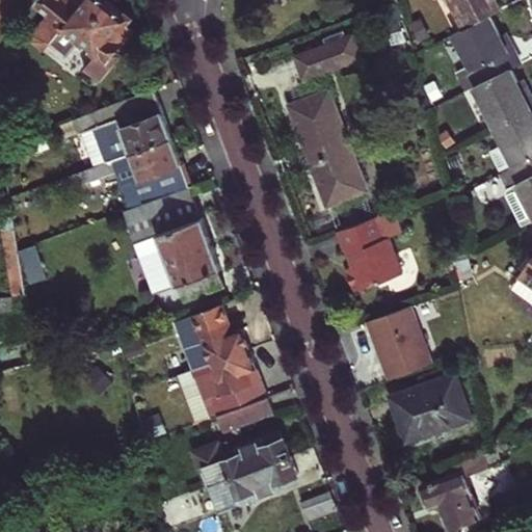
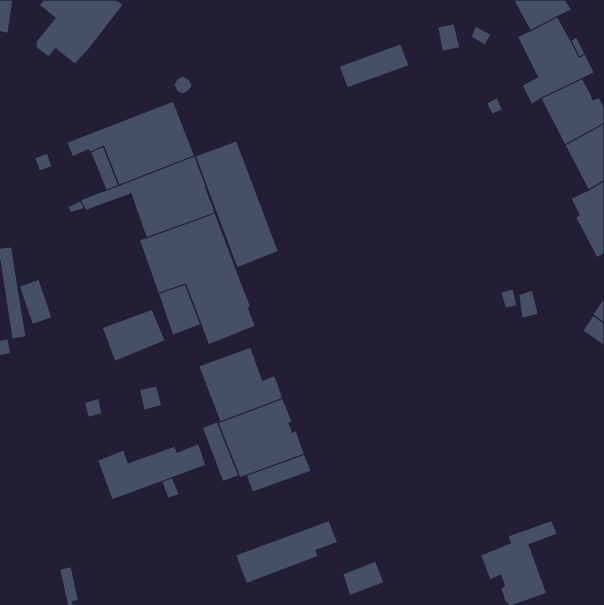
building: [79,6,129,81] -> none
building: [291,95,364,206] -> [195,141,278,268]
building: [338,211,405,292] -> none
building: none -> [102,309,165,361]
building: [367,307,431,379] -> none
building: [390,375,469,441] -> none
building: [193,438,288,487] -> [98,444,206,500]

